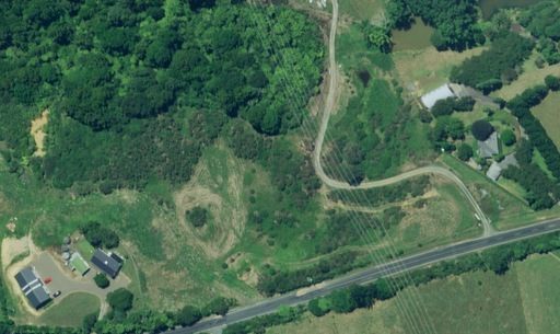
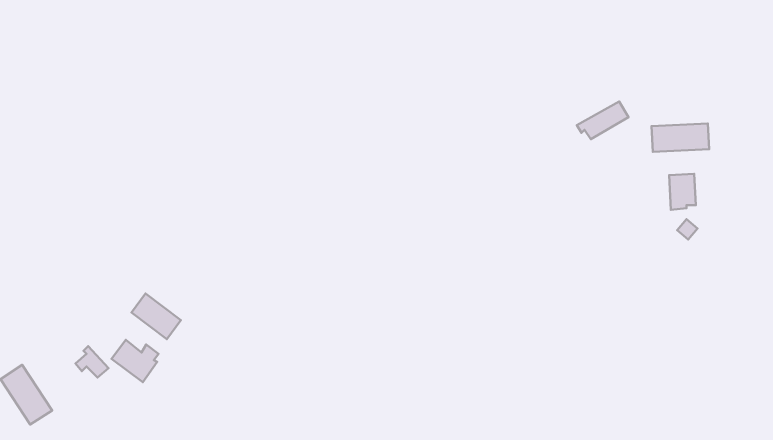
building: none -> [651,123,709,152]
building: none -> [131,294,181,339]

